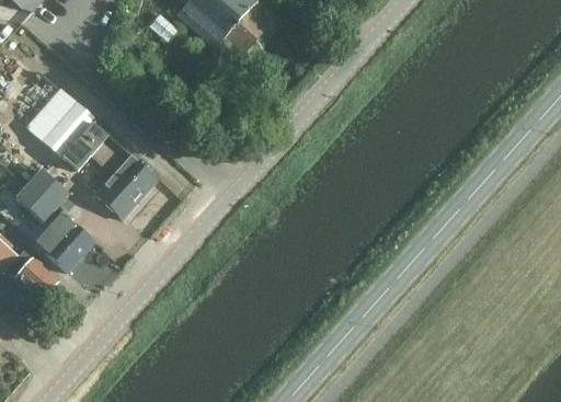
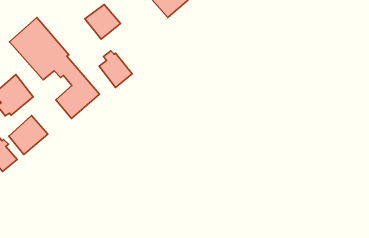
building: none -> [85,4,120,39]
building: none -> [99,51,132,88]

